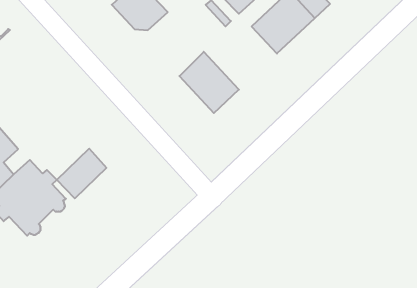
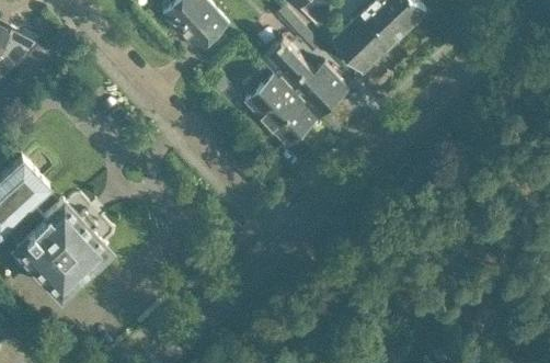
building: none -> [262,38,346,117]
building: [57,149,106,198] -> none

